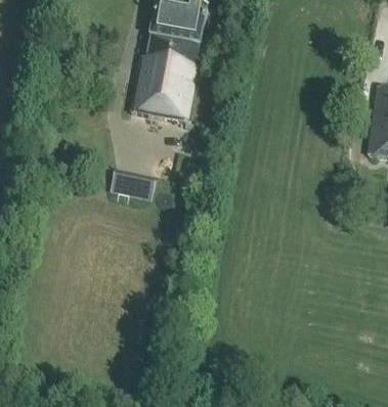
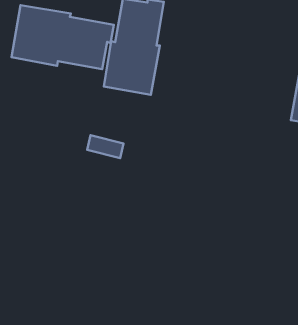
building: none -> [11,5,114,69]

